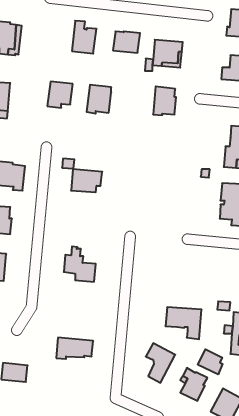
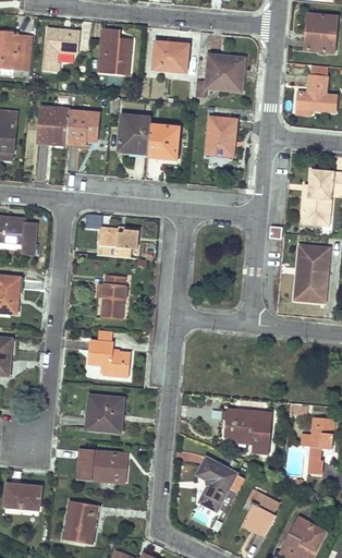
building: none -> [44,28,81,71]
building: none -> [37,106,71,145]
building: none -> [148,124,180,158]
building: none -> [101,276,126,318]
building: none -> [86,395,123,432]
building: [198,349,223,374] -> none
building: none -> [64,501,99,544]

